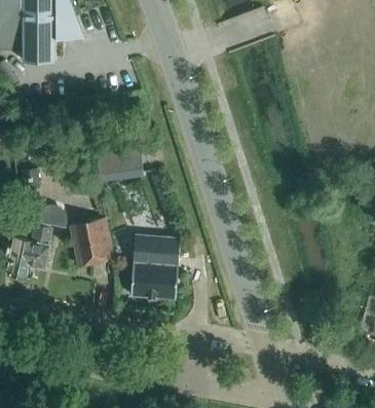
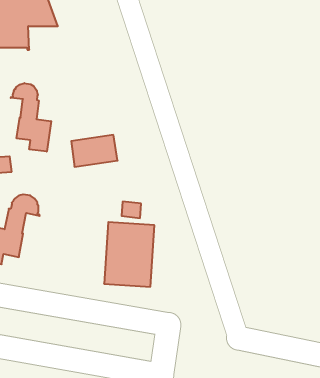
building: none -> [11,83,51,152]
building: [69,218,113,267] -> none

